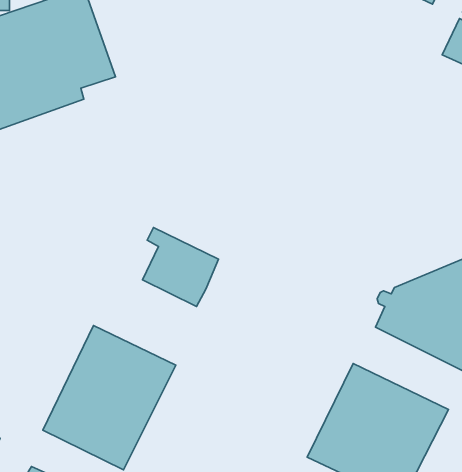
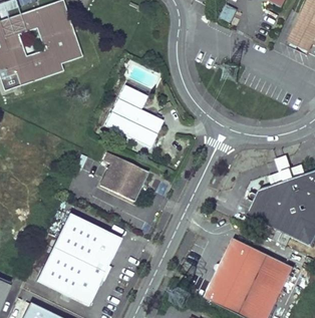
building: none -> [104,84,163,146]

